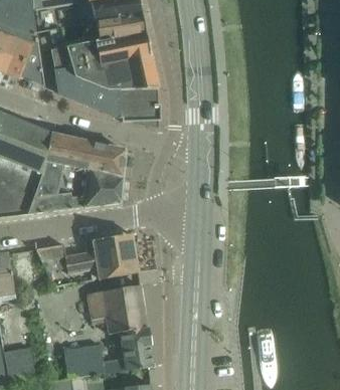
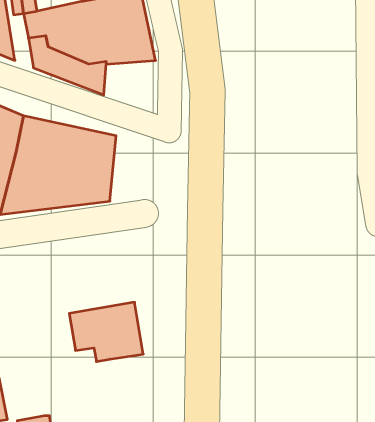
building: [116,87,160,126] -> none
building: [37,233,139,278] -> none
building: [64,327,155,377] -> none

